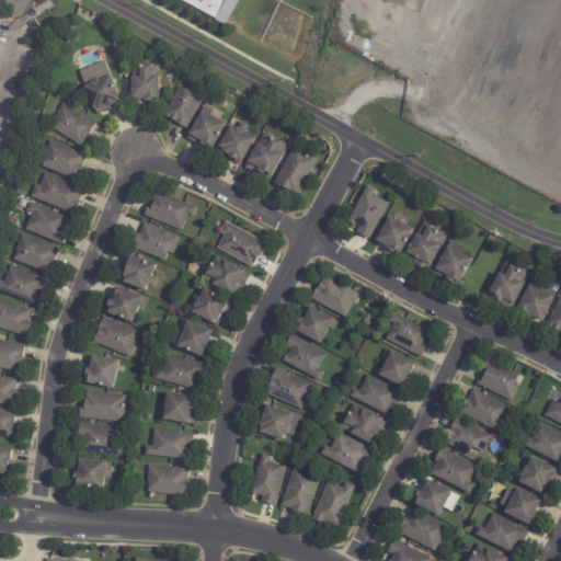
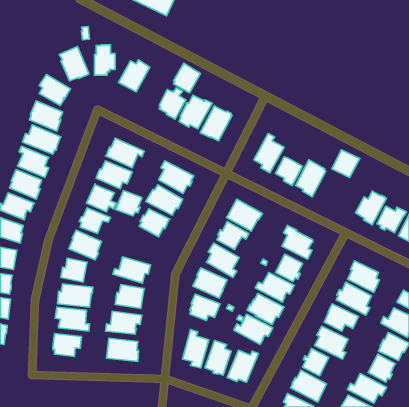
building: [187,107,225,148] -> [173,63,201,93]
building: [435,244,473,283] -> [332,150,360,178]
building: [175,319,211,354] -> [115,190,142,216]

